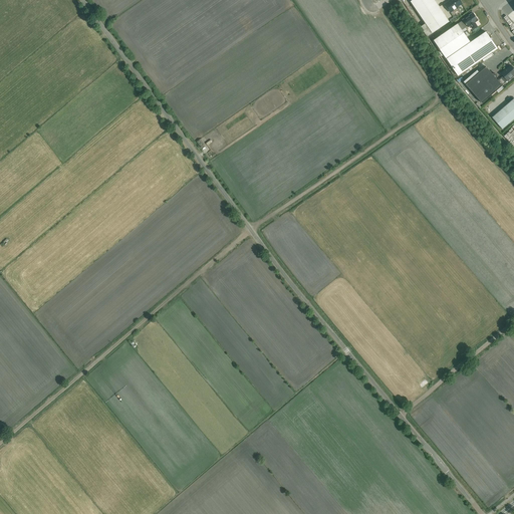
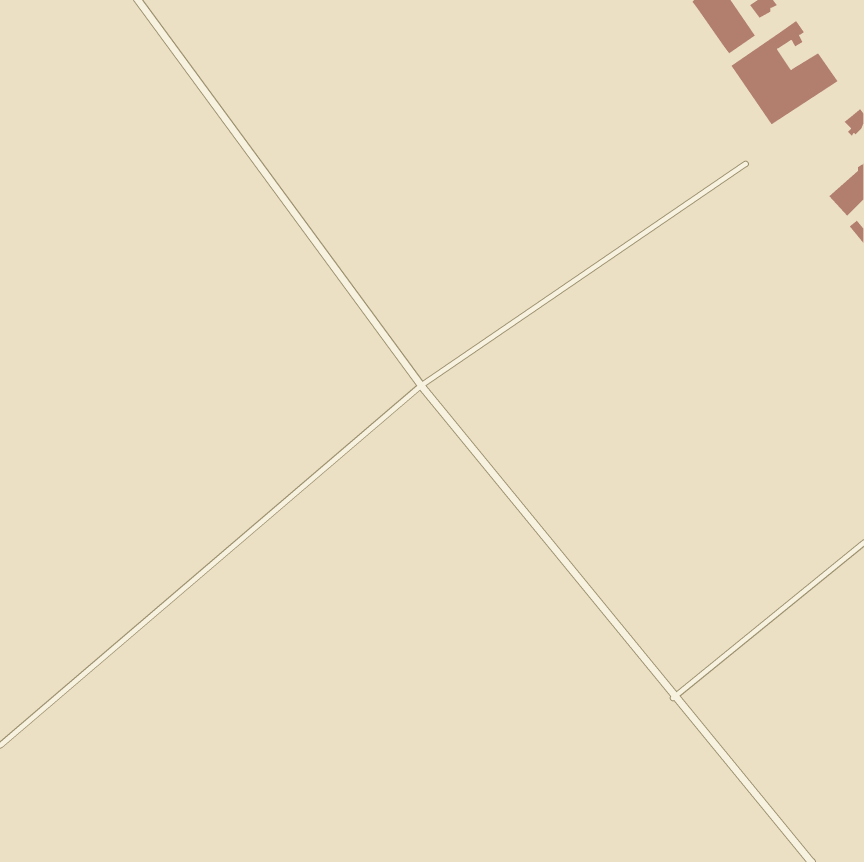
building: [466,66,502,102] -> none

